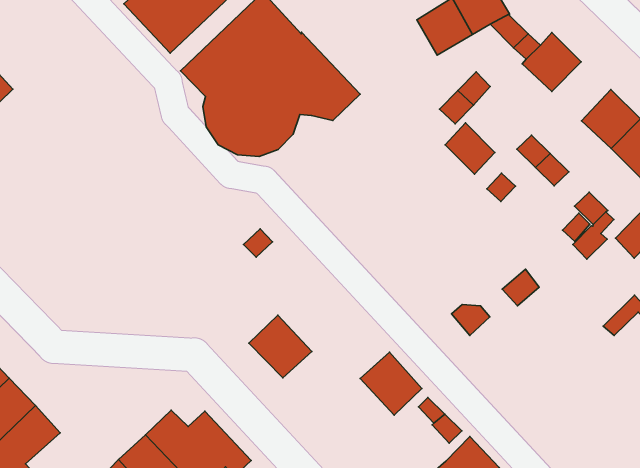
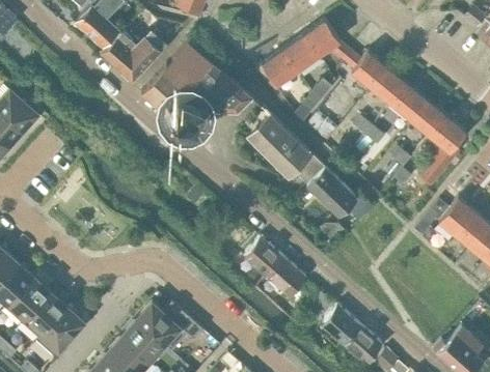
building: none -> [263,52,298,87]
building: none -> [371,69,407,106]
building: none -> [250,117,356,218]
building: [249,315,312,378] -> [244,237,283,276]

